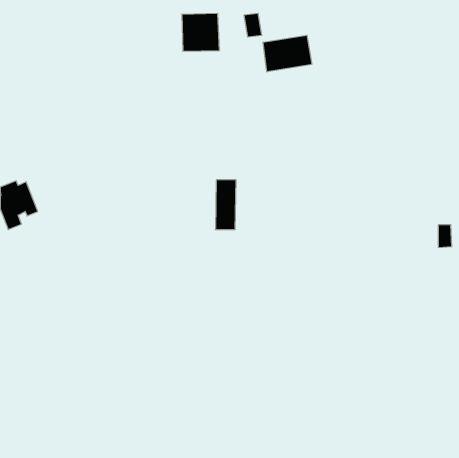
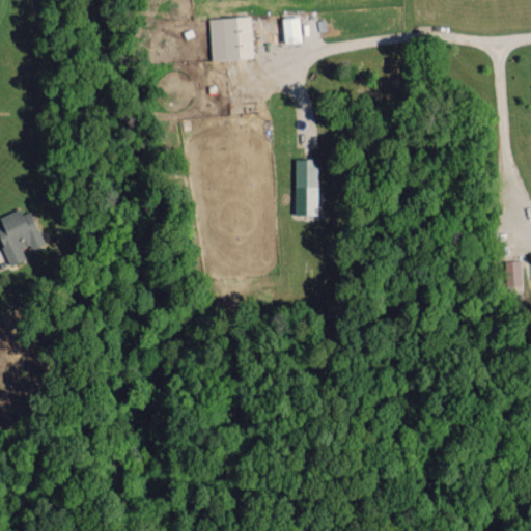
building: [263,35,312,72] -> none
building: [215,180,236,229] -> [296,160,319,217]

